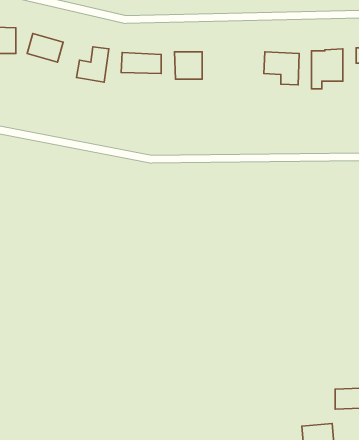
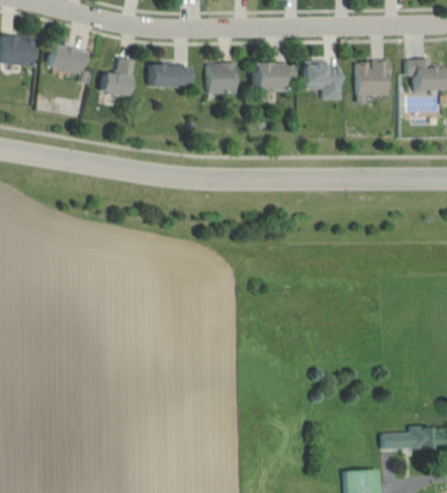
building: none -> [252,63,293,91]

